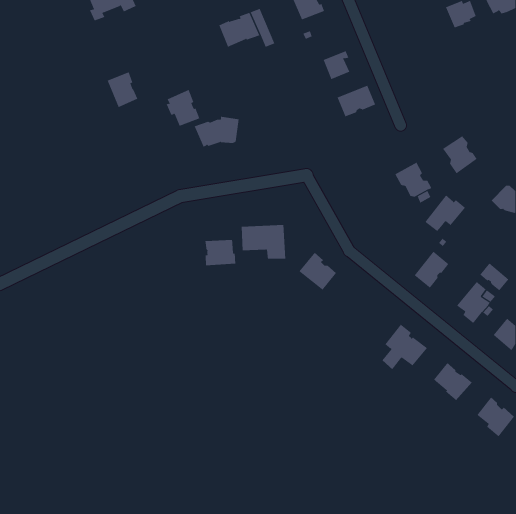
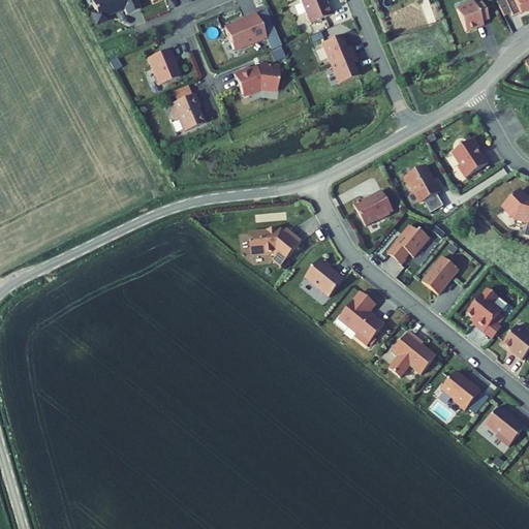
building: none -> [321,33,353,61]
building: [107,71,138,108] -> [147,46,179,84]
building: [337,85,376,117] -> none
building: [194,116,239,147] -> [232,61,279,93]
building: none -> [353,190,393,226]
building: [424,195,466,232] -> [387,225,430,263]
building: [205,239,236,266] -> none
building: [480,263,509,291] -> none
building: none -> [340,292,384,346]

